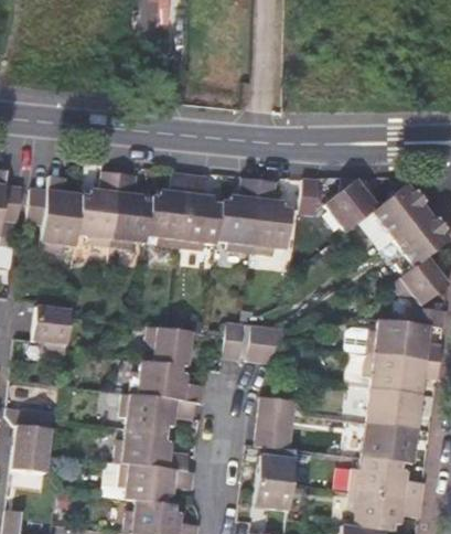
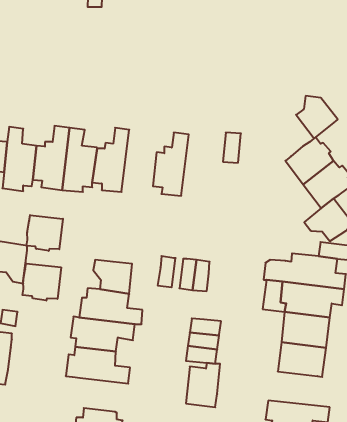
building: [180,175,221,252] -> none
building: [329,179,377,228] -> [296,96,338,138]
building: [249,181,289,256] -> none
building: none -> [26,215,63,251]
building: none -> [22,263,61,301]
building: [351,458,425,500] -> none
building: [103,462,194,505] -> none

